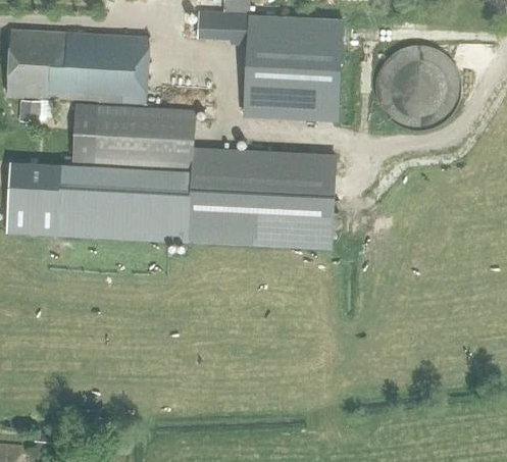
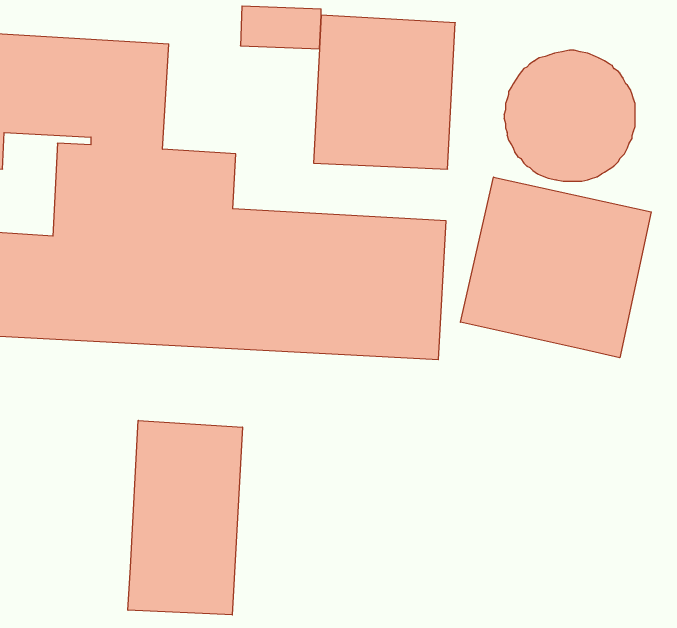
building: none -> [460,177,651,358]
building: none -> [128,420,242,615]

